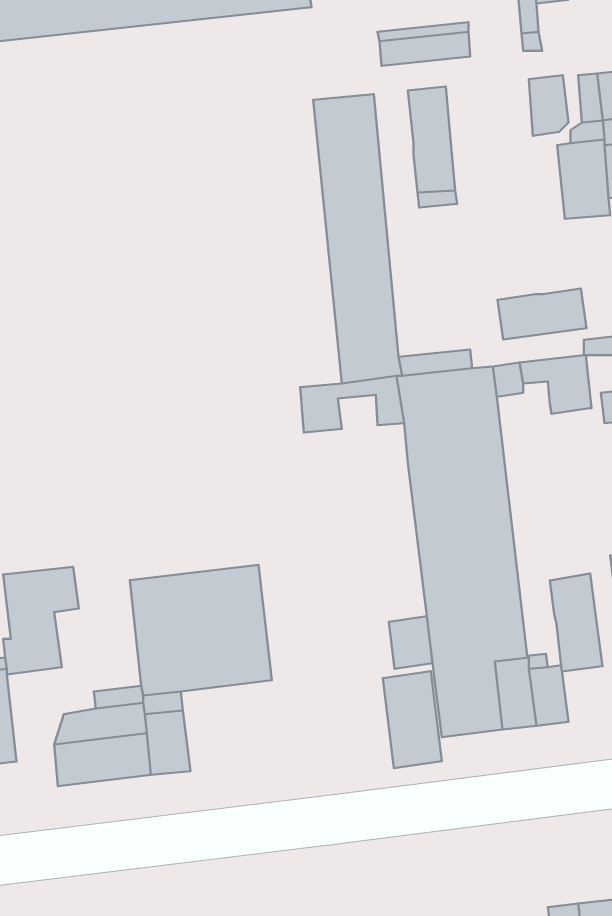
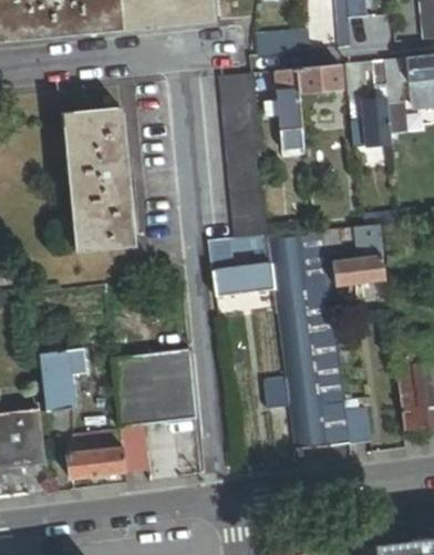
building: none -> [298,63,344,92]
building: none -> [56,110,132,254]
building: [498,289,586,340] -> [333,256,385,286]
building: none -> [215,265,276,294]
building: [550,574,603,671] -> none
building: [383,671,442,768] -> none

